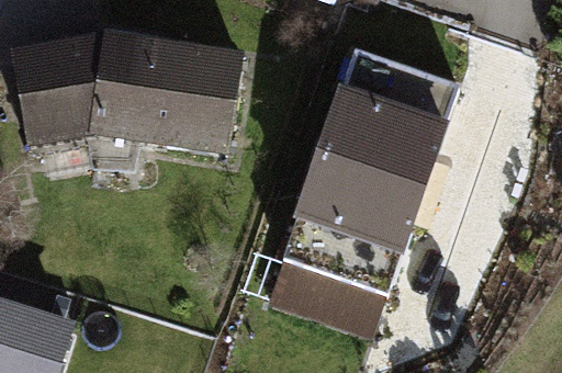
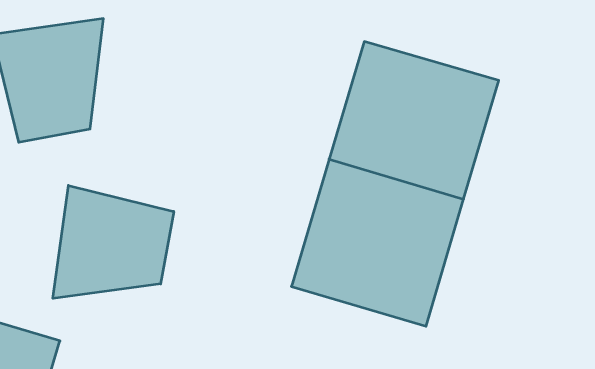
building: [94,34,243,156] -> none
building: none -> [53,185,174,298]

